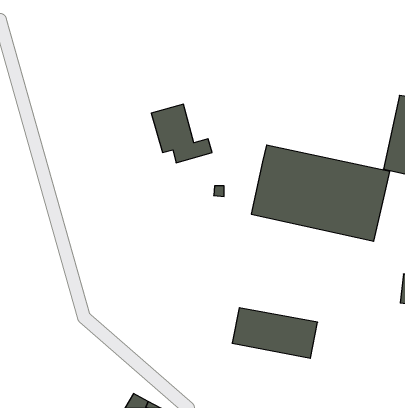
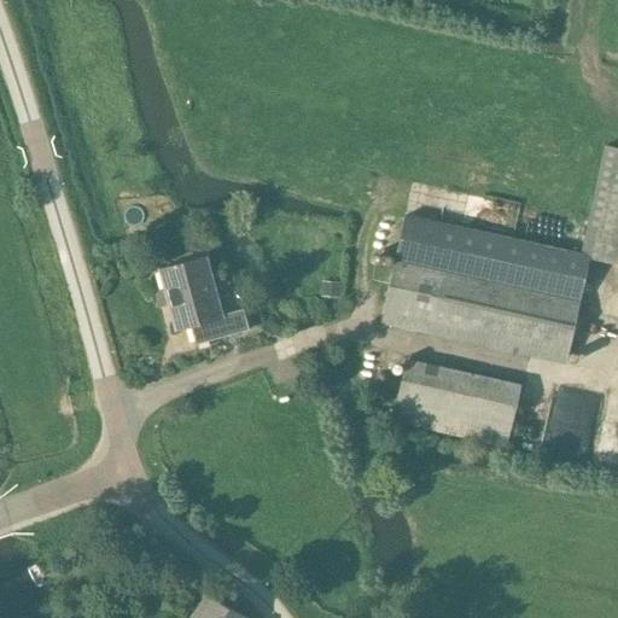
building: [151,104,212,163] -> [163,255,255,343]
building: [232,308,318,358] -> [389,356,518,432]

